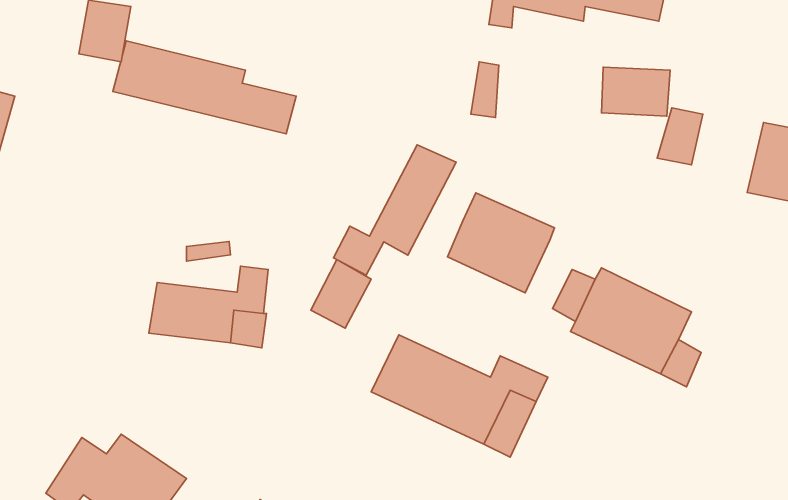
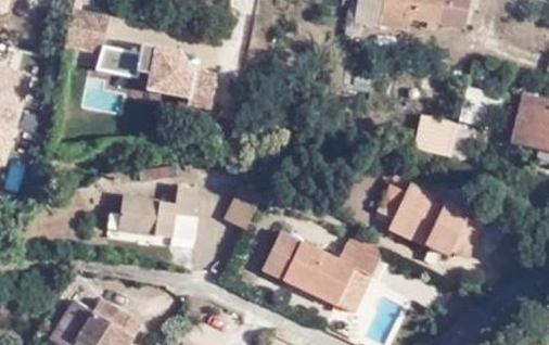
building: [602,67,670,116] -> [423,124,469,156]
building: [333,145,456,275] -> none
building: [448,193,555,293] -> none

